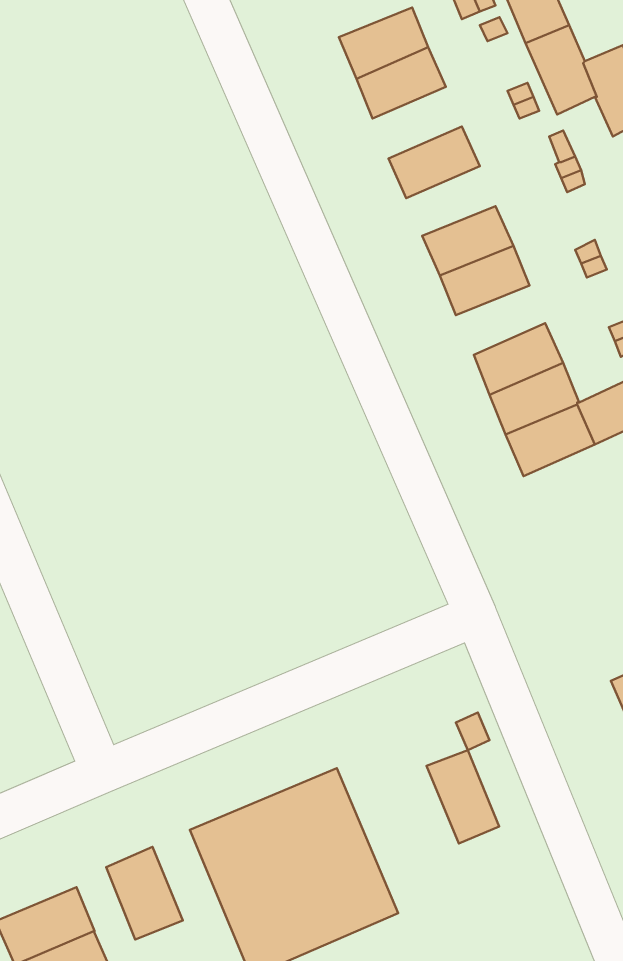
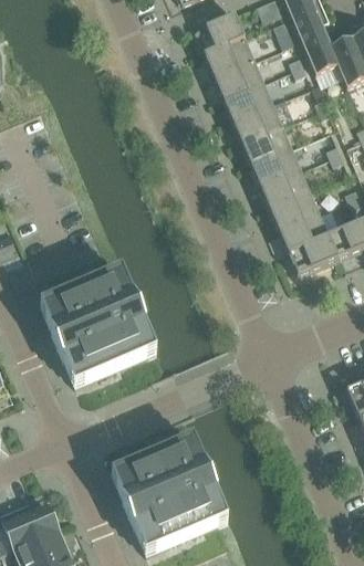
building: none -> [212,57,262,97]
building: none -> [231,102,281,140]
building: none -> [259,168,309,207]
building: none -> [40,269,156,385]
building: [426,750,499,844] -> none
building: [106,847,183,939] -> none

